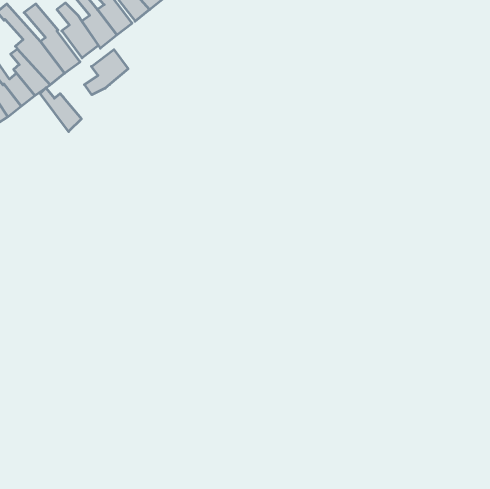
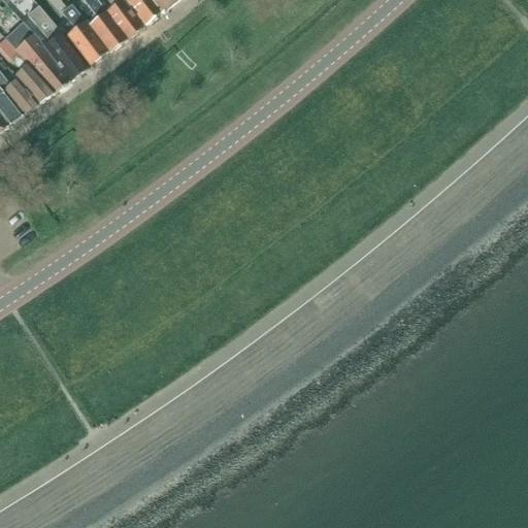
building: [84,50,128,95] -> none
building: [40,88,81,132] -> none

